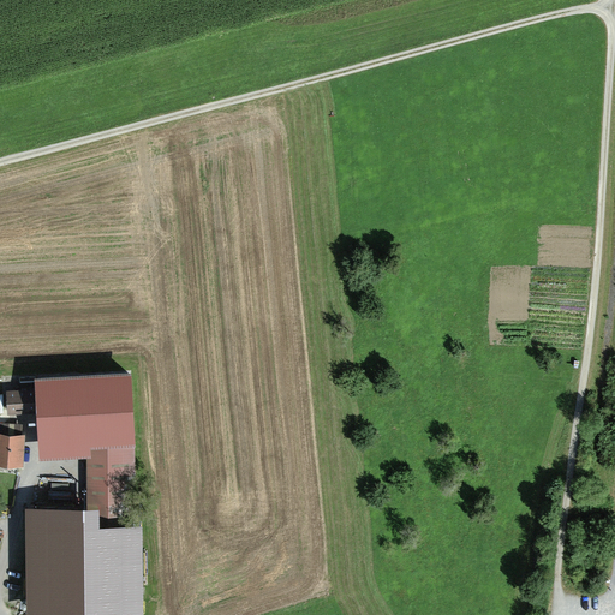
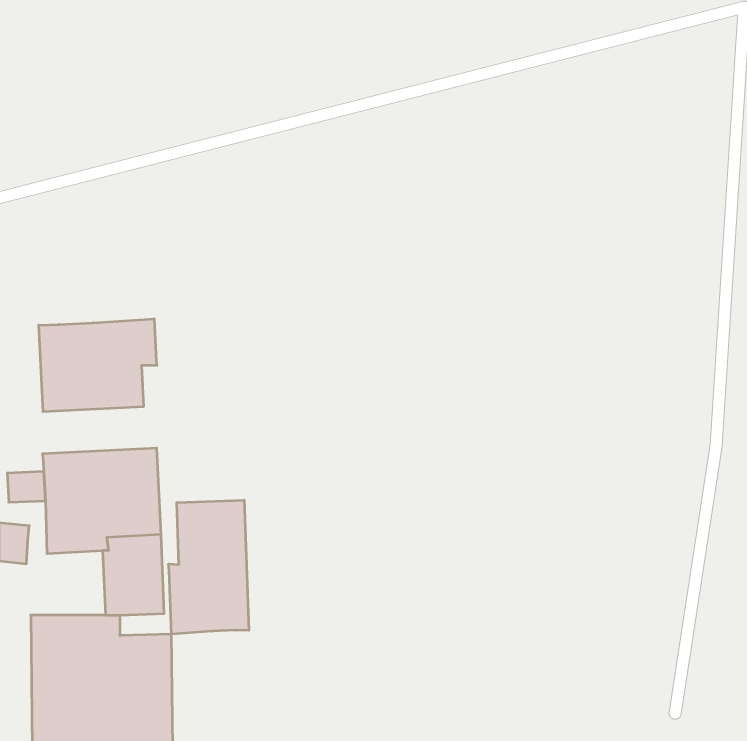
building: none -> [39,319,157,412]
building: none -> [169,500,249,634]

